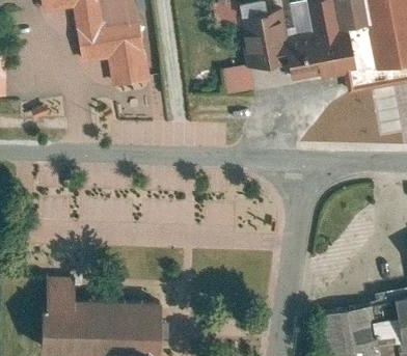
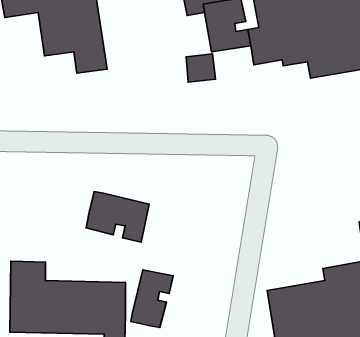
building: none -> [86,191,149,242]
building: none -> [131,270,173,328]

